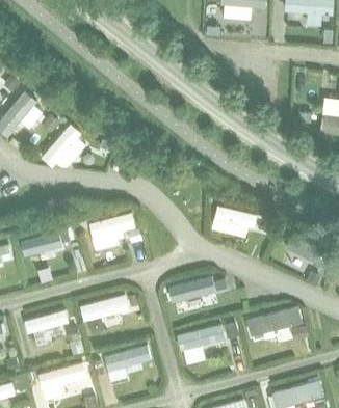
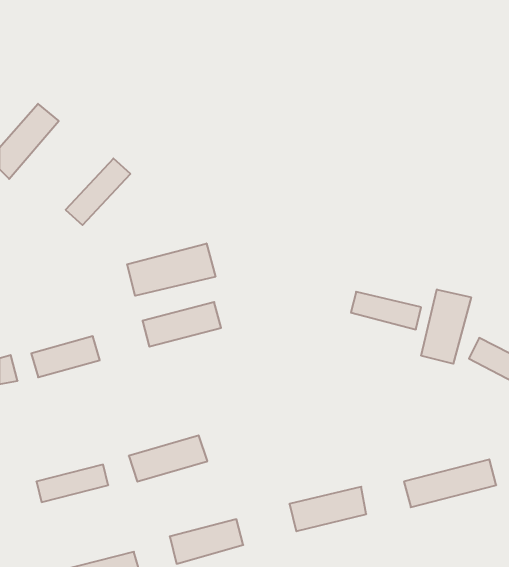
building: none -> [127,243,215,296]
building: none -> [421,289,471,364]
building: [167,277,216,305] -> none

